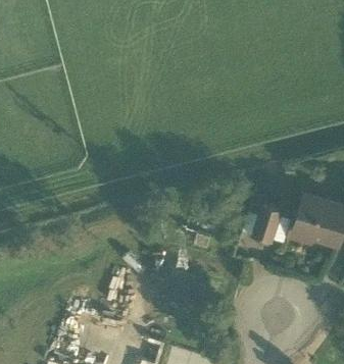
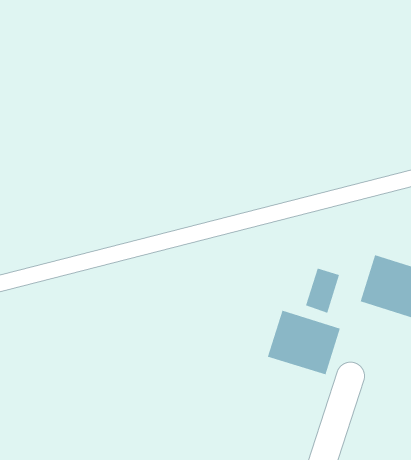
building: none -> [267,310,340,375]

